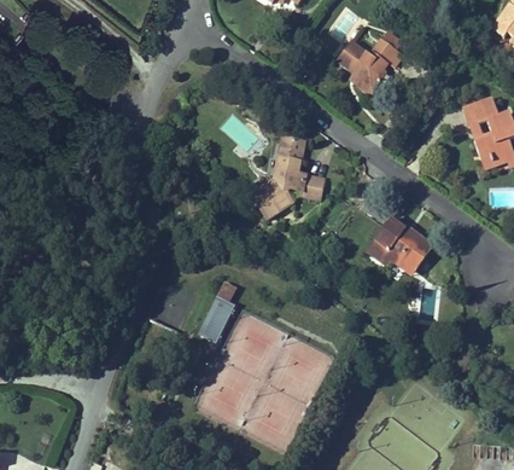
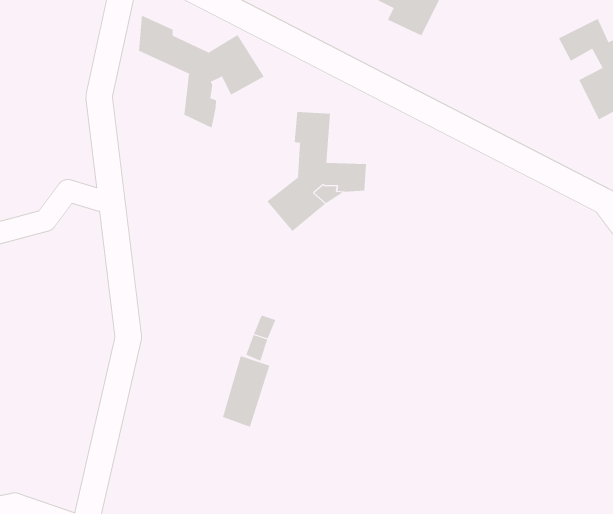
building: none -> [138,15,264,128]
building: [366,217,428,274] -> none

